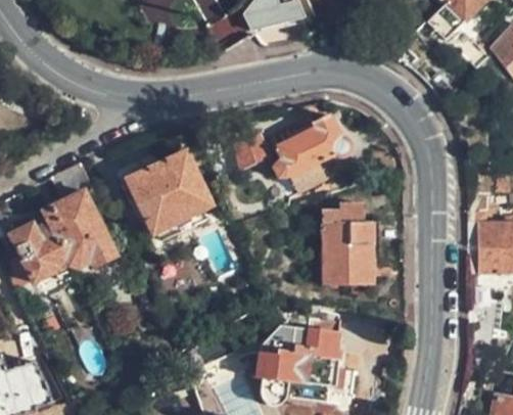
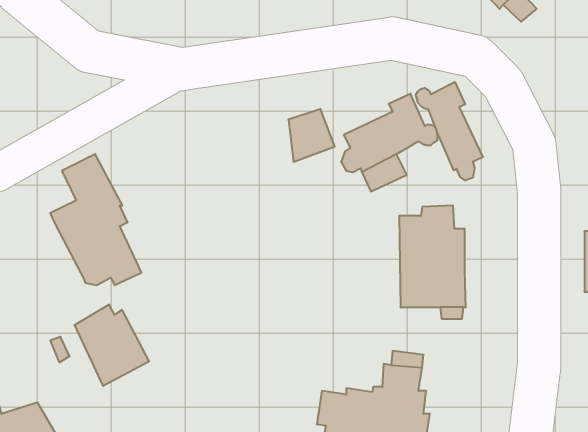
building: none -> [416,82,483,180]
building: [126,147,214,234] -> none
building: [10,216,69,280] -> [74,305,149,386]

